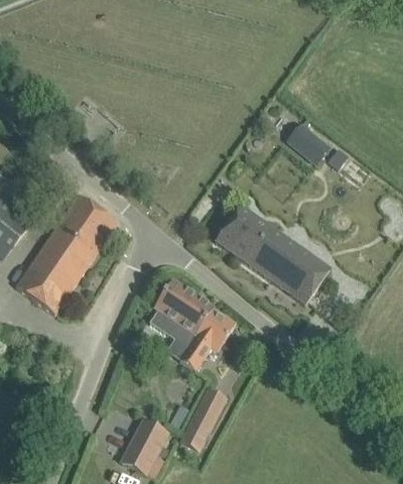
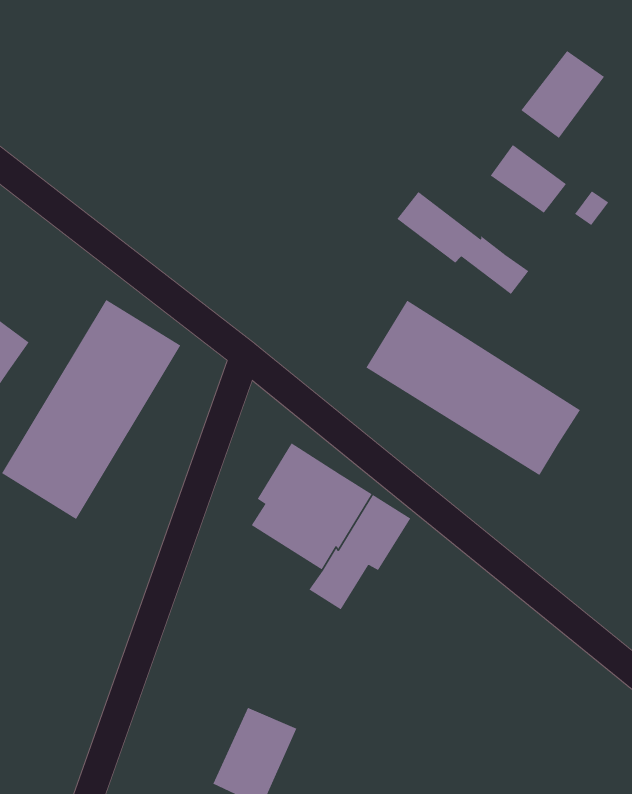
building: none -> [521,50,605,139]
building: none -> [397,191,529,295]
building: [180,388,226,452] -> none

